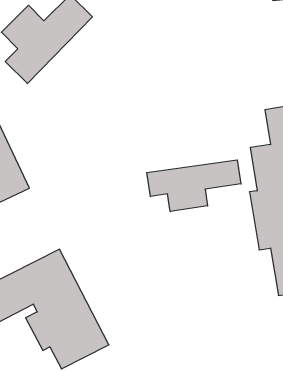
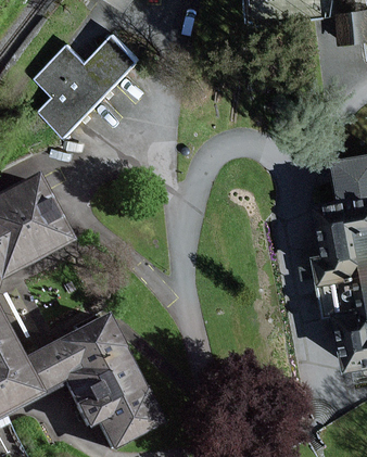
building: [147,160,241,212] -> none

